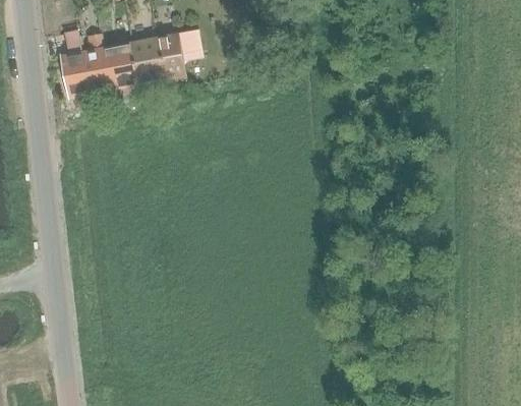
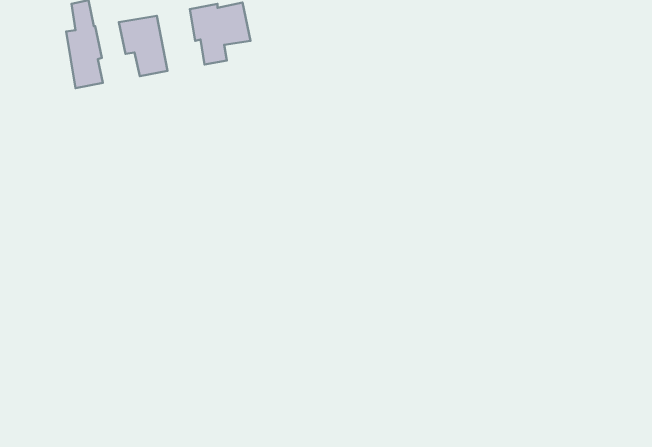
building: [82,34,117,93] -> none
building: [130,36,167,83] -> none

